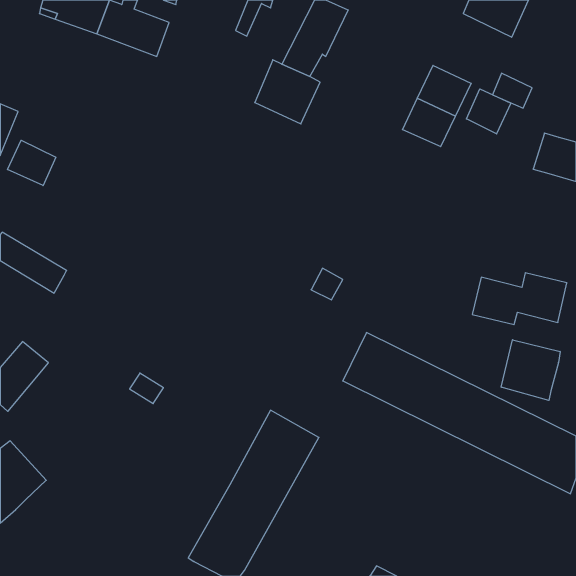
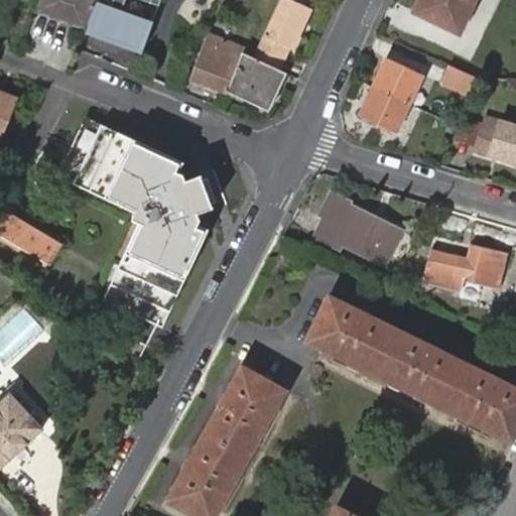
building: none -> [192,35,245,92]
building: [466,89,511,134] -> none
building: none -> [64,124,213,319]
building: [8,140,56,186] -> none
building: none -> [315,201,400,266]
building: [501,340,560,400] -> none

